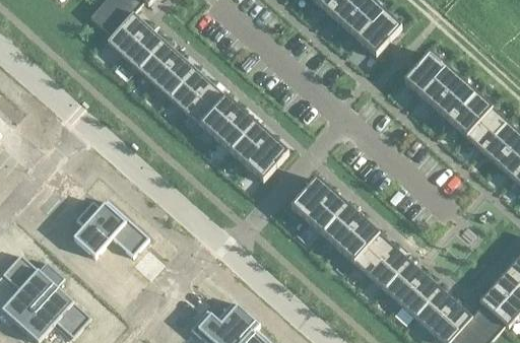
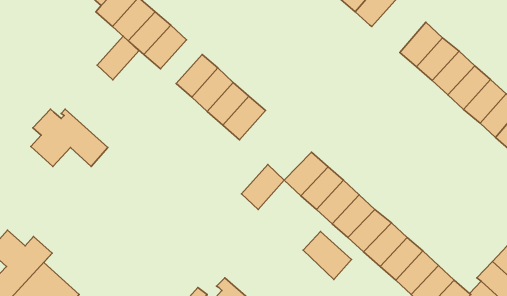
building: [170,68,210,111] -> [97,36,139,80]
building: [247,137,288,181] -> [242,165,284,209]
building: [73,200,148,256] -> [31,109,108,166]
building: none -> [303,232,351,279]

